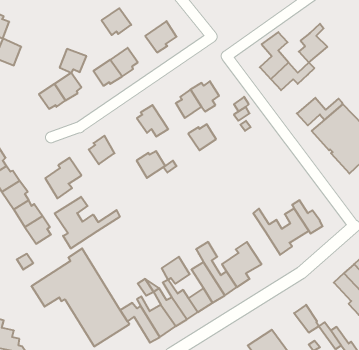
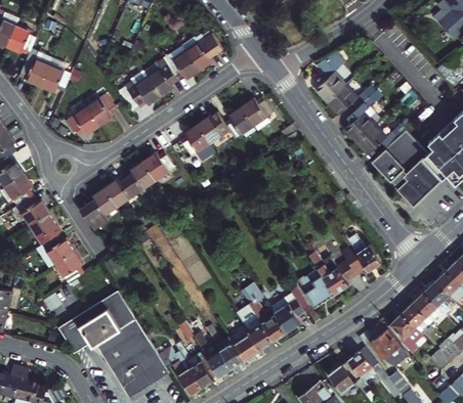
building: [102,8,131,35] -> [165,52,198,82]
building: [299,24,327,63] -> [341,95,373,138]
building: [60,49,86,73] -> [39,64,69,91]
building: [188,124,216,150] -> [193,119,223,147]
building: none -> [100,178,133,207]
building: [137,151,165,178] -> [139,152,171,182]
building: [55,197,120,249] -> none
building: none -> [297,269,334,307]
building: [162,257,190,284] -> none
building: none -> [372,332,409,369]
building: none -> [330,359,369,392]

